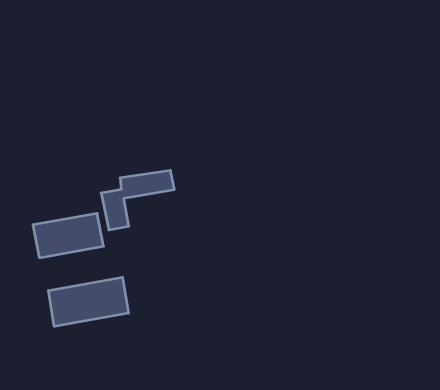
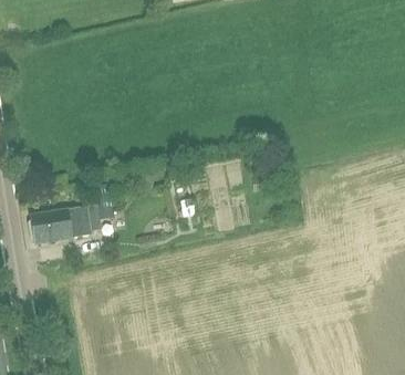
building: [48,277,128,326] -> none

